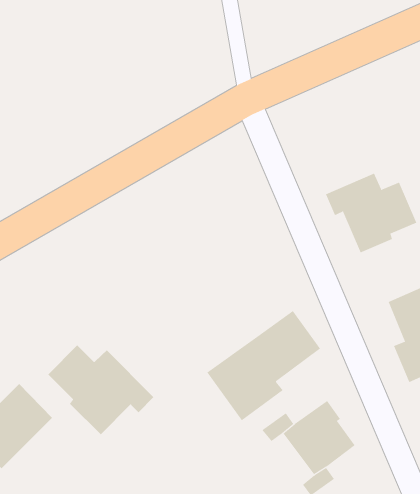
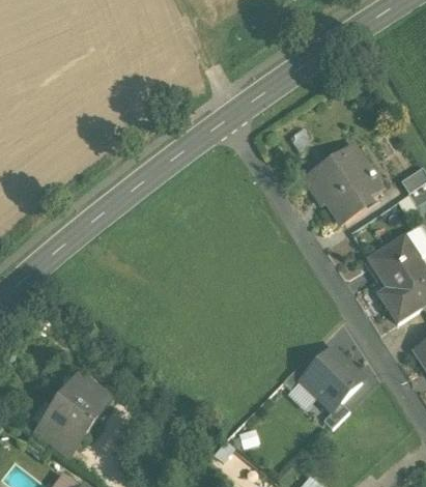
building: [206,310,321,421] -> none
building: [47,345,154,435] -> none

